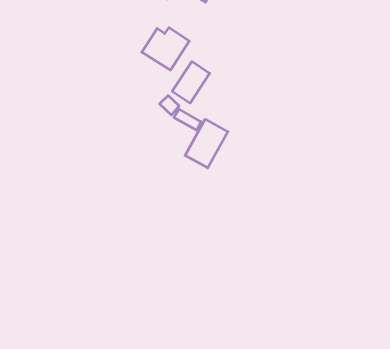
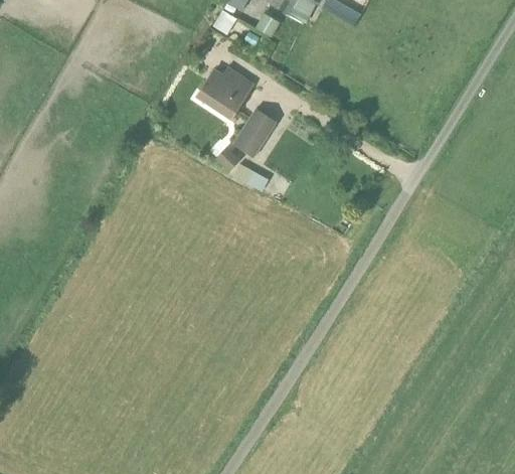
building: [185,119,228,168] -> none

